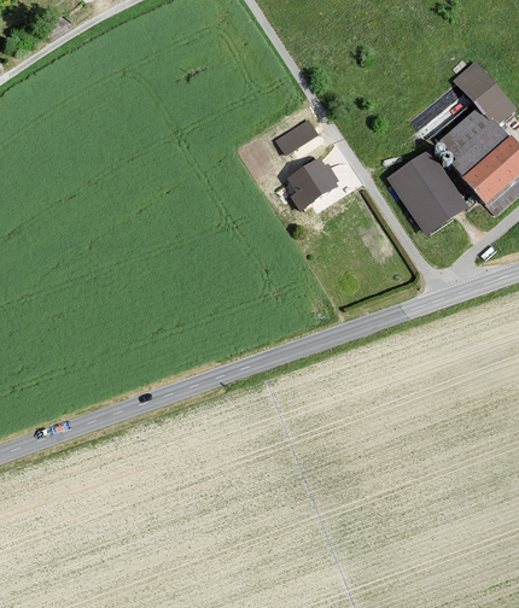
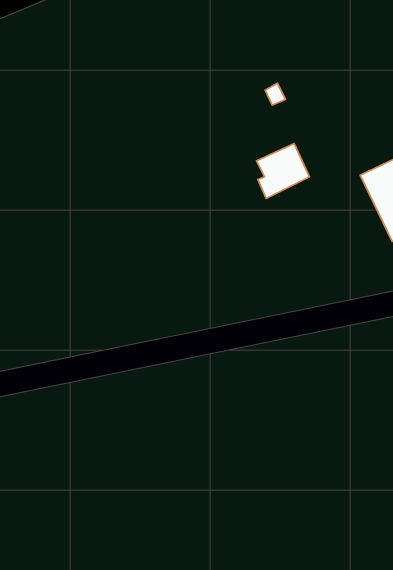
building: [275,118,320,157] -> none

